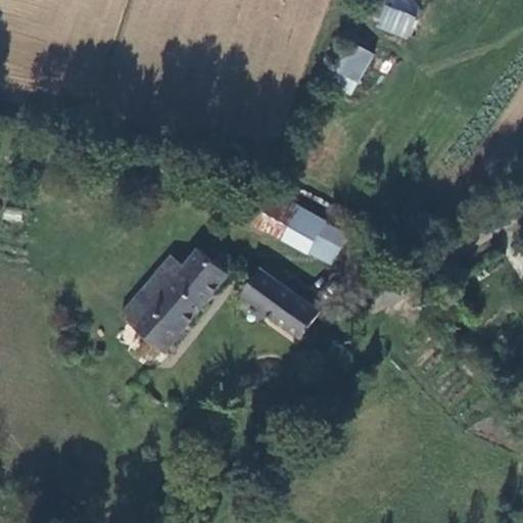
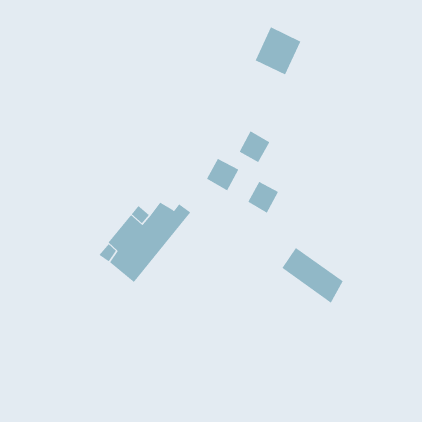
building: [375,4,416,38] -> none
building: [281,209,320,249] -> [239,130,270,163]
building: [242,269,319,338] -> [282,247,344,303]

